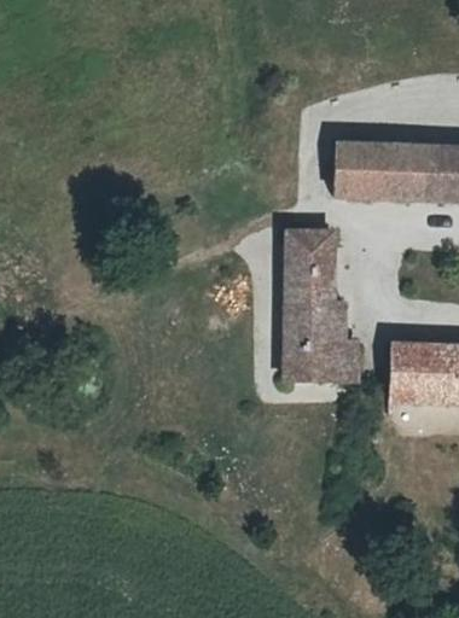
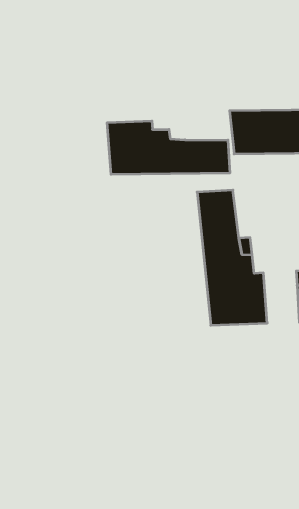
building: none -> [107,121,230,174]

